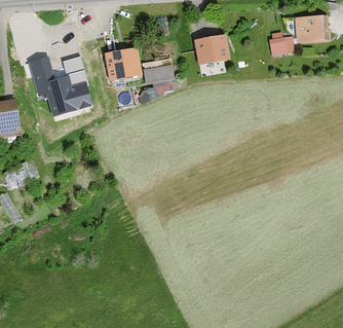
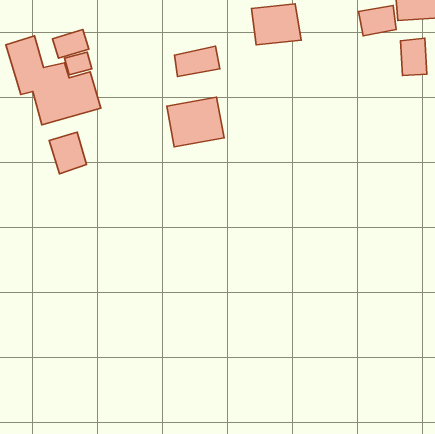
building: [105,45,144,79] -> [167,97,224,147]
building: none -> [401,38,427,75]
building: none -> [49,132,86,174]

